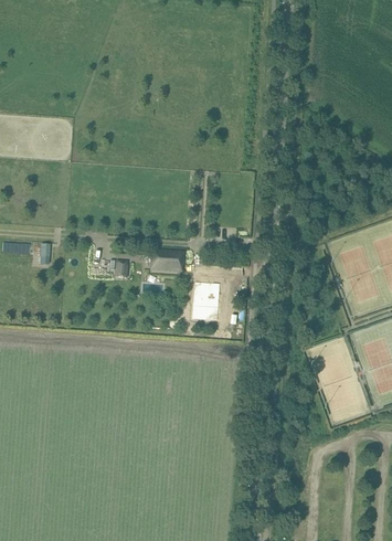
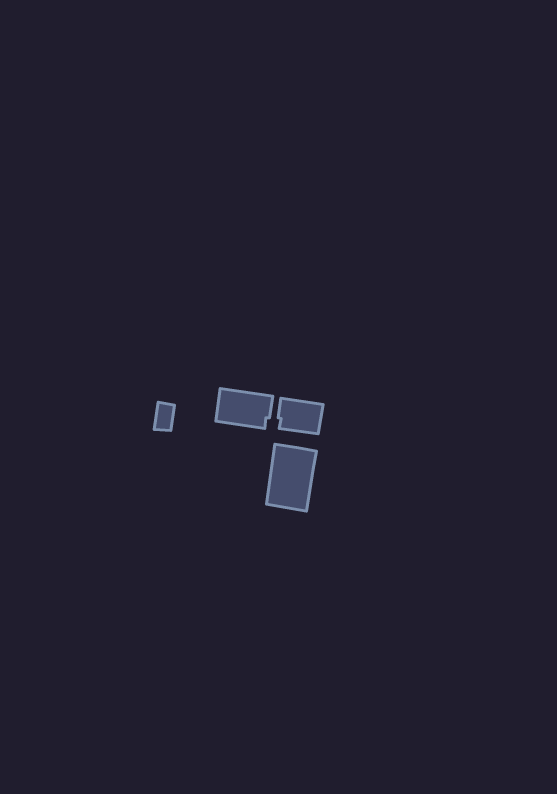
building: none -> [278,398,323,434]

